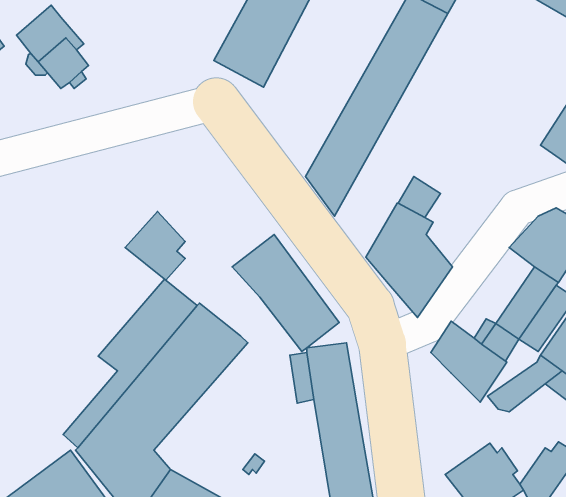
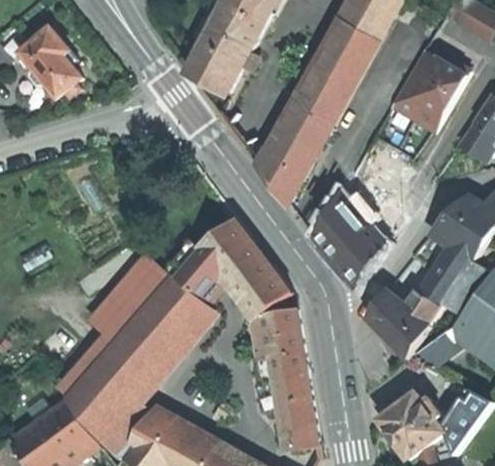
building: none -> [389,45,469,131]
building: [125,211,185,280] -> [172,246,223,304]

